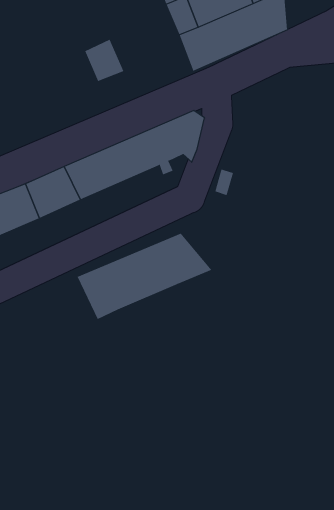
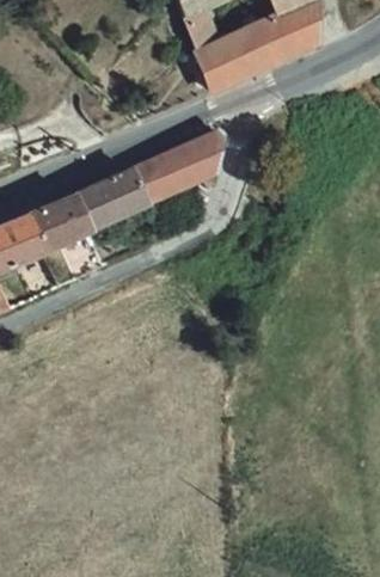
building: [84,39,124,82] -> none
building: [77,233,212,320] -> none

